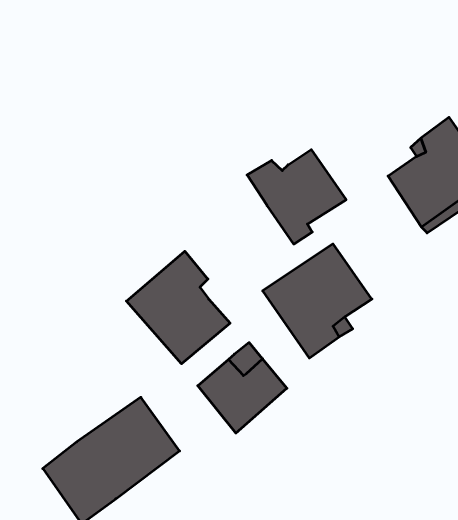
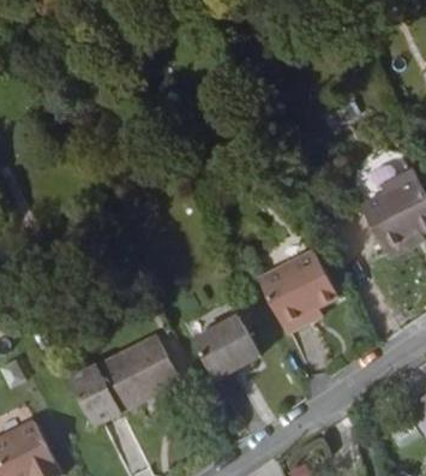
building: [247,150,346,244] -> none
building: [126,251,230,364] -> none

